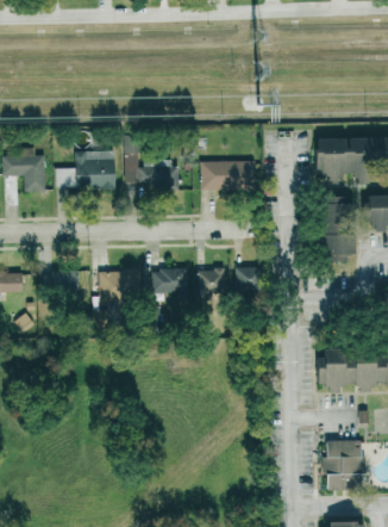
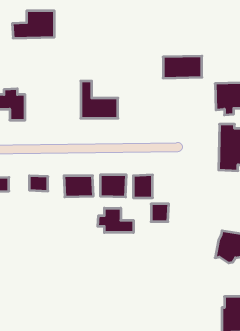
building: [56,150,115,188] -> [12,11,54,38]
building: [201,160,256,191] -> [163,56,202,78]
building: [236,267,261,292] -> [151,204,169,222]
building: none -> [98,208,133,233]

